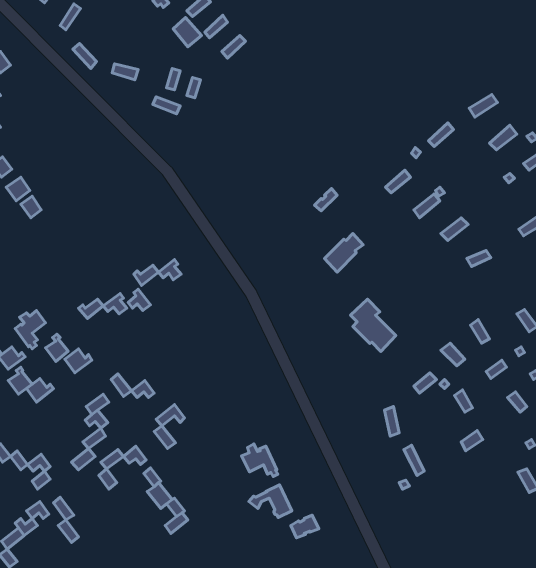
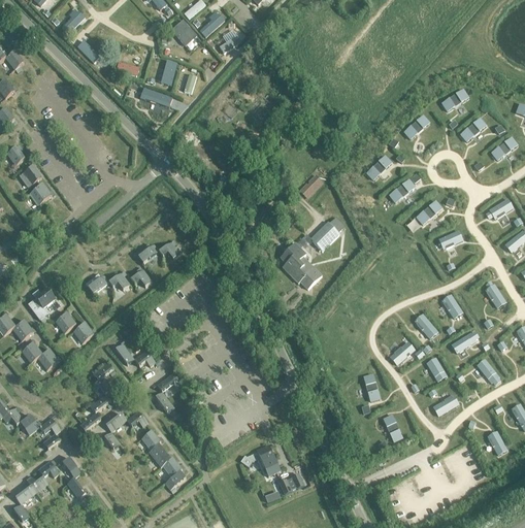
building: [350,299,396,351] -> [280,242,321,290]
building: [242,444,278,477] -> none

